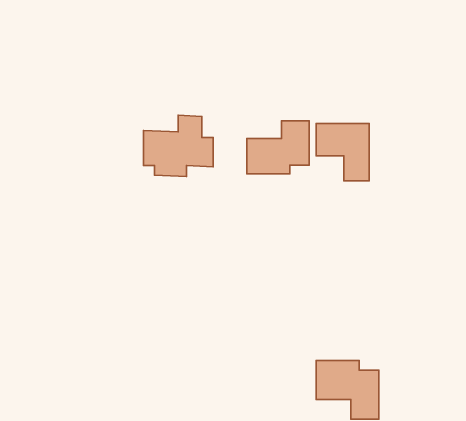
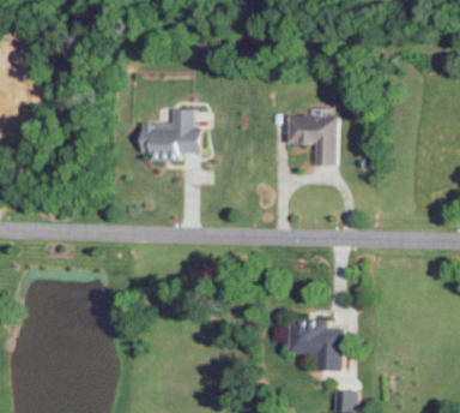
building: [247,121,309,174] -> none

